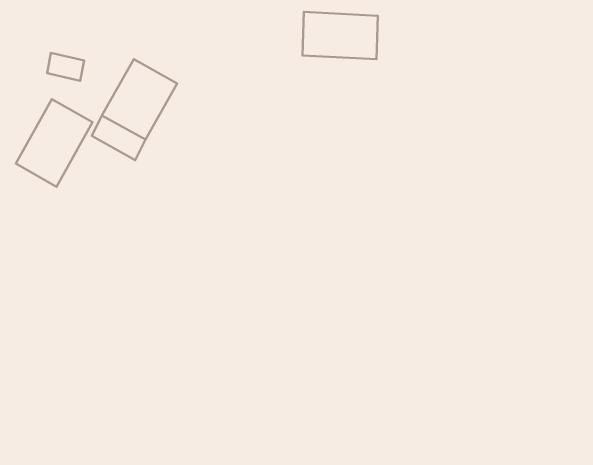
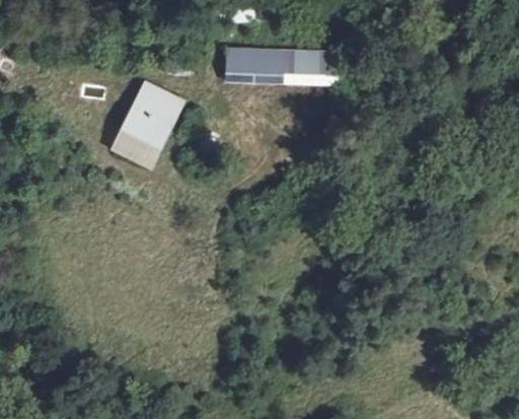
building: none -> [223,46,282,83]
building: [16,99,92,187] -> none

